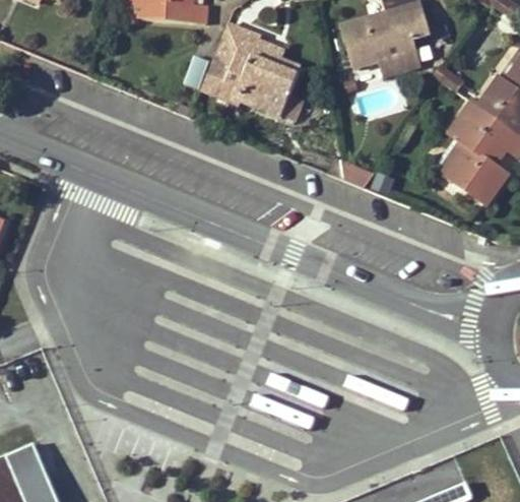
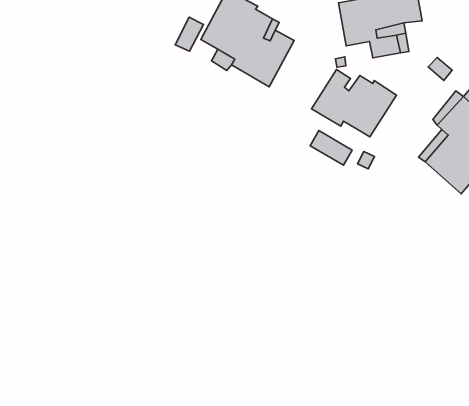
building: none -> [311,69,396,137]

